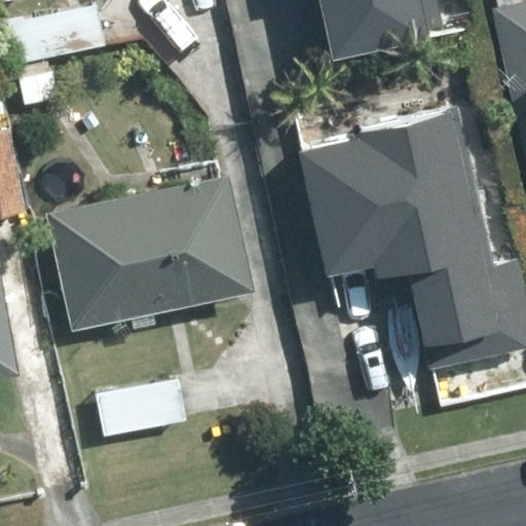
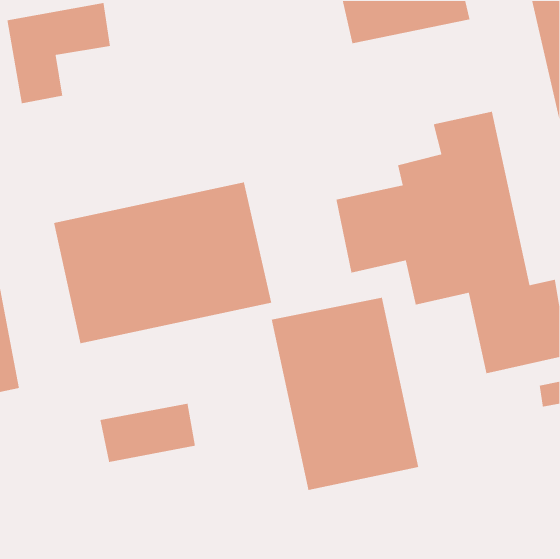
building: none -> [271,297,419,491]

